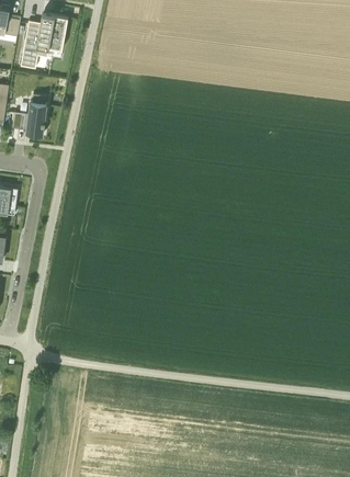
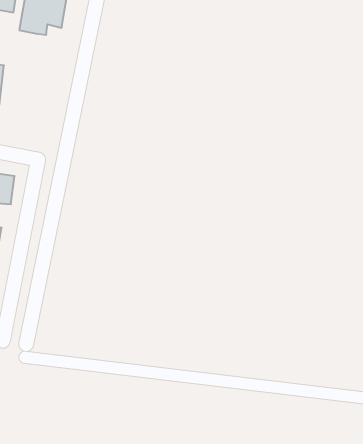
building: [16,103,46,136] -> none

